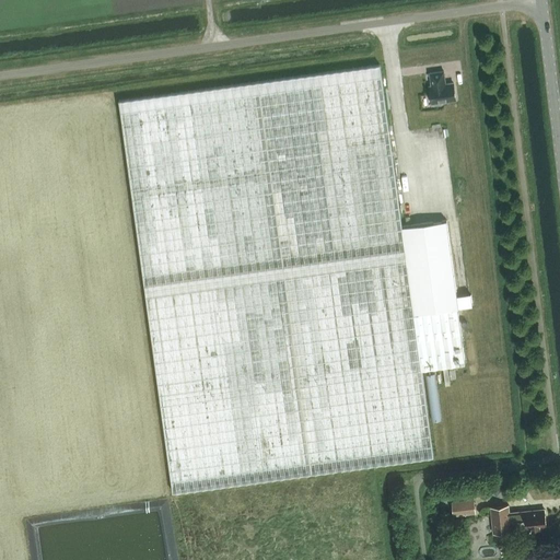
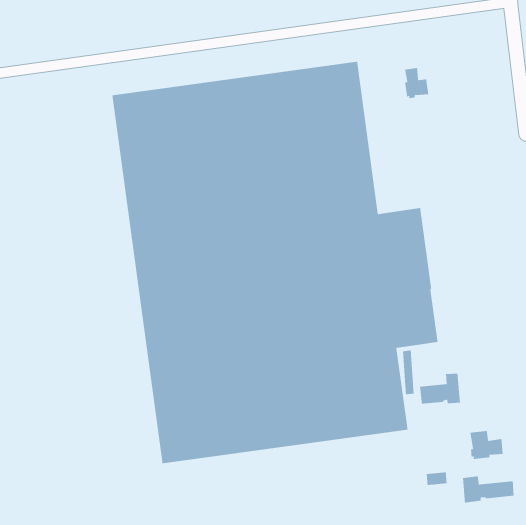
building: none -> [419,373,461,404]
building: none -> [470,430,504,460]

